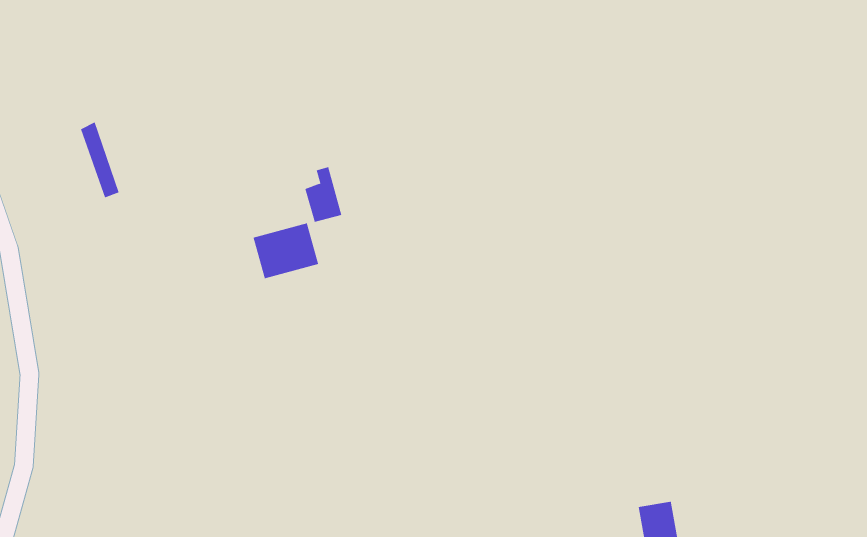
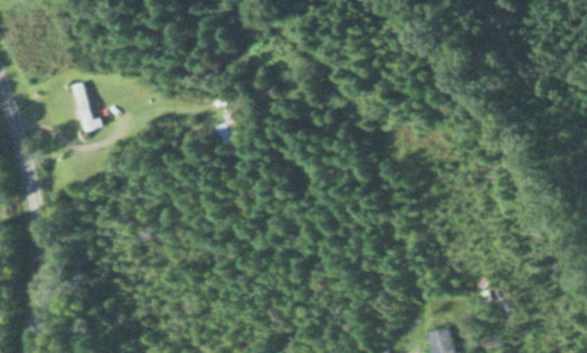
building: [253,222,319,279] -> none

